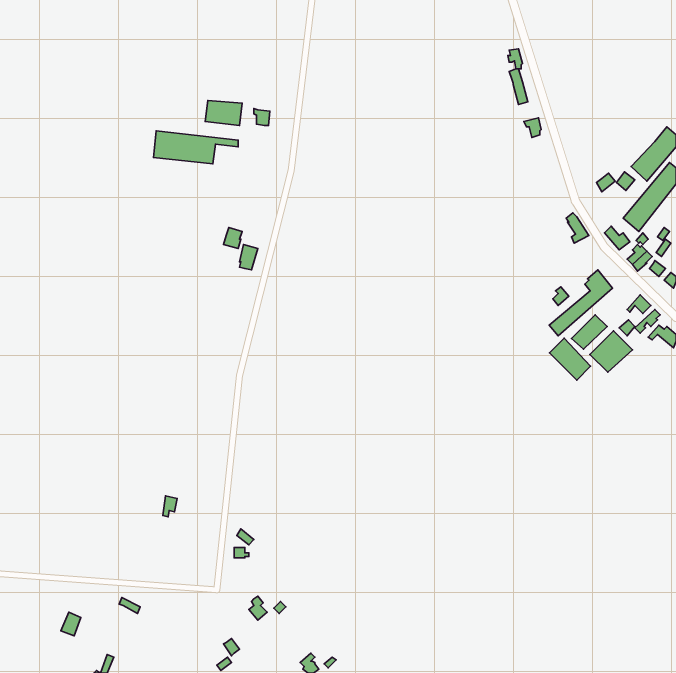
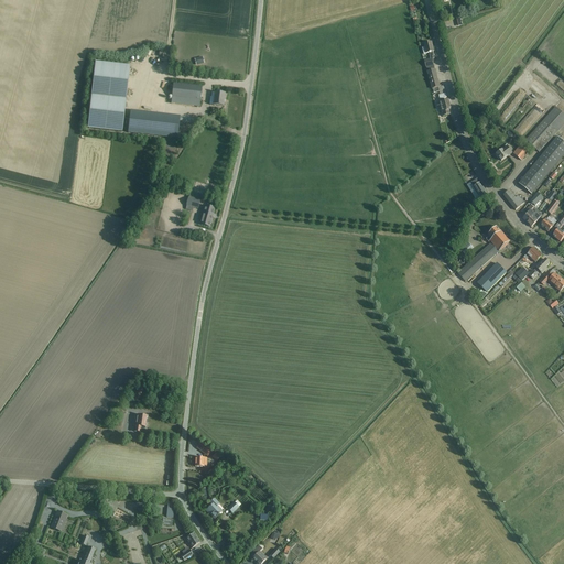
building: none -> [88,61,129,130]
building: [590,331,632,372] -> none
building: [549,338,590,380] -> none

